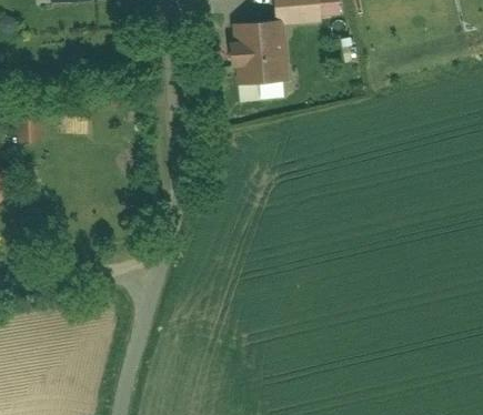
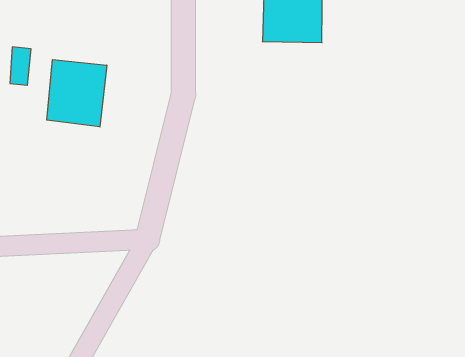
building: none -> [47,60,107,127]

